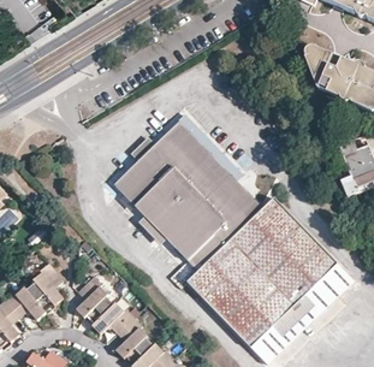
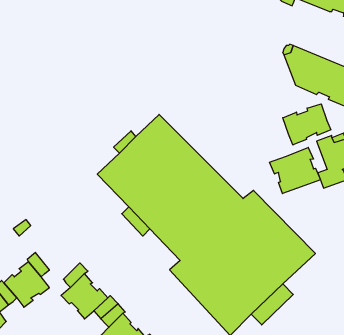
building: none -> [283,104,331,145]
building: none -> [269,147,320,194]

